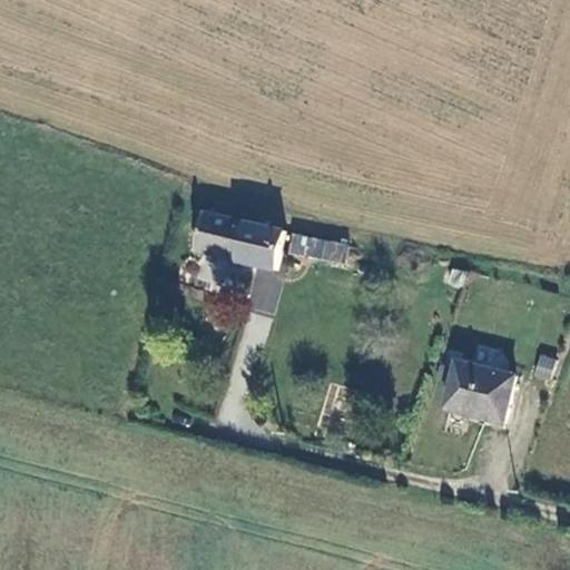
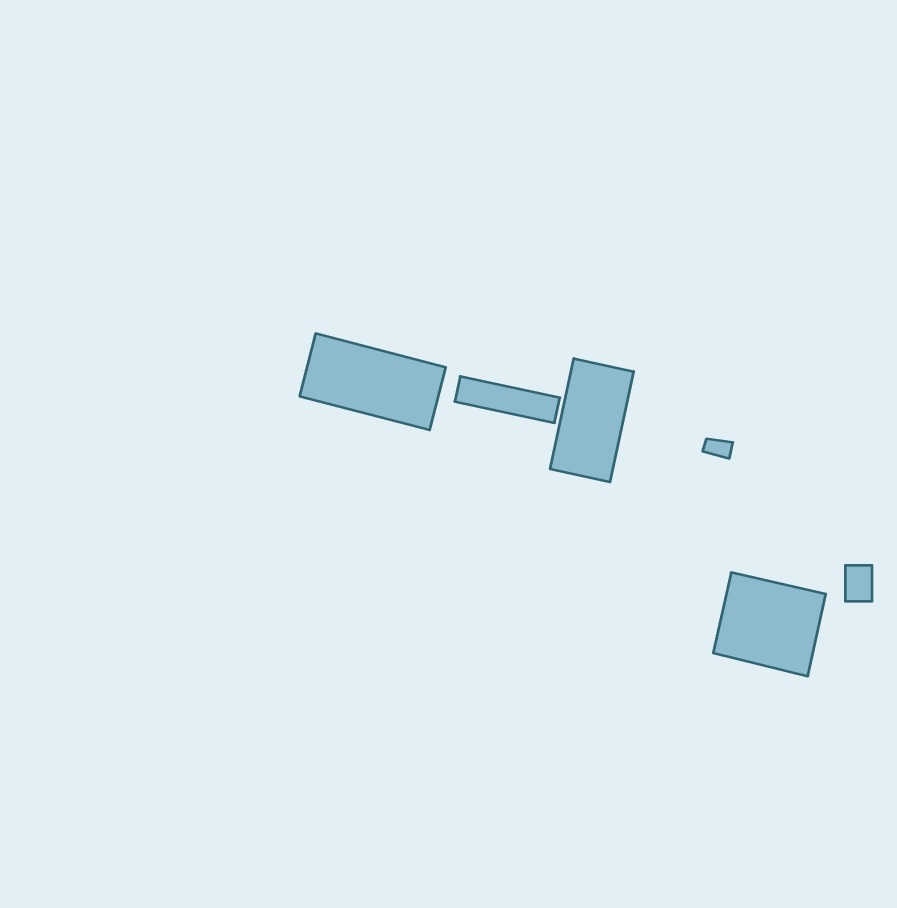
building: none -> [550,358,634,482]

